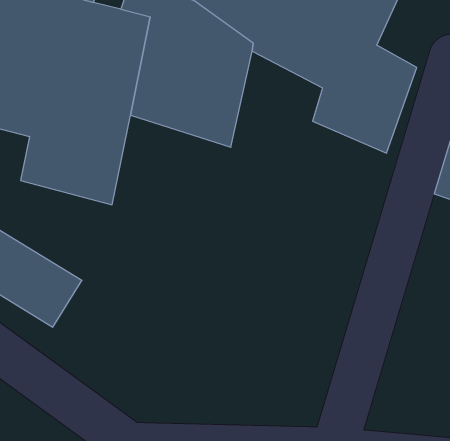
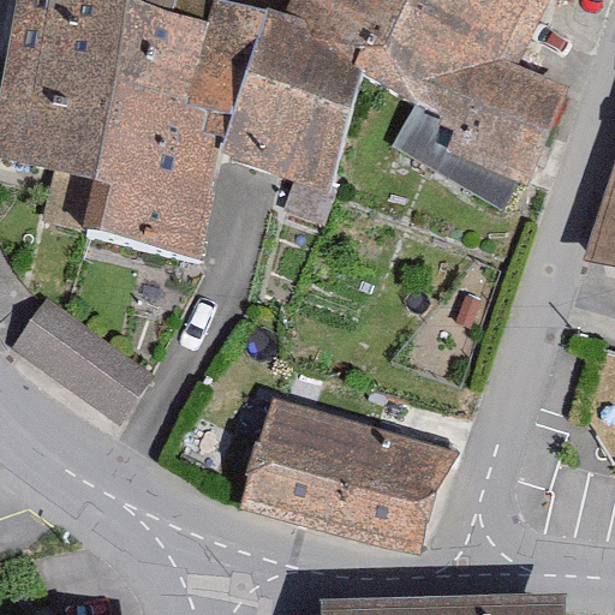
building: none -> [247,401,448,537]

